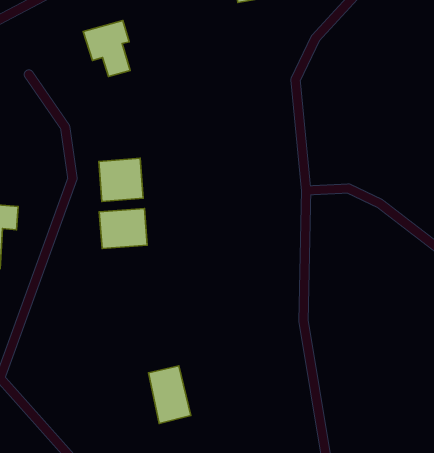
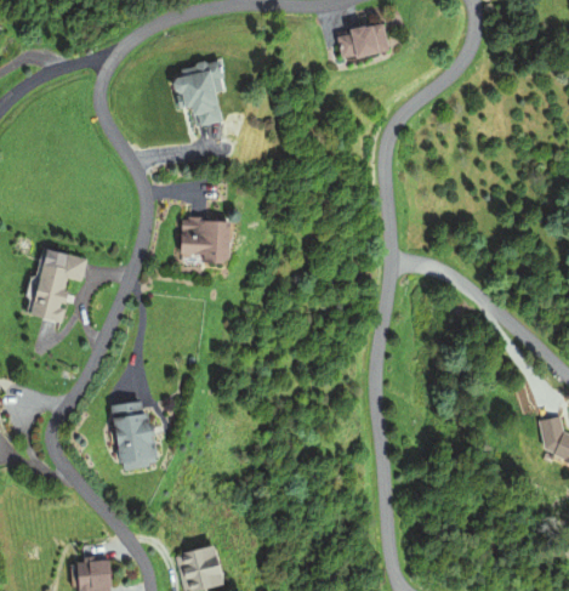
building: [99,209,147,249] -> none
building: [148,366,191,424] -> [112,408,153,467]

